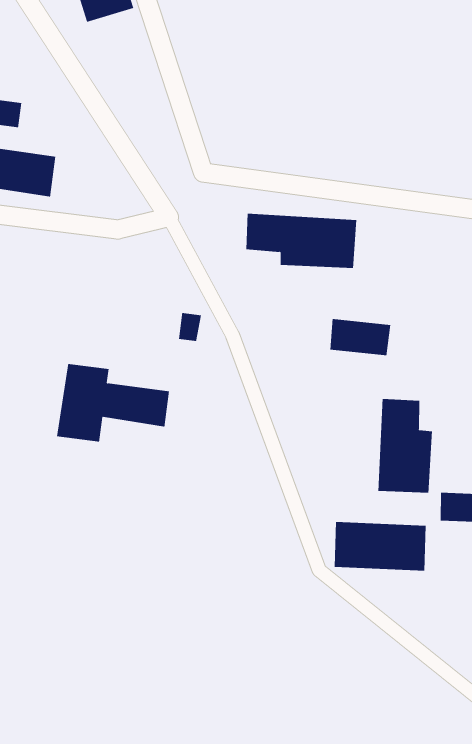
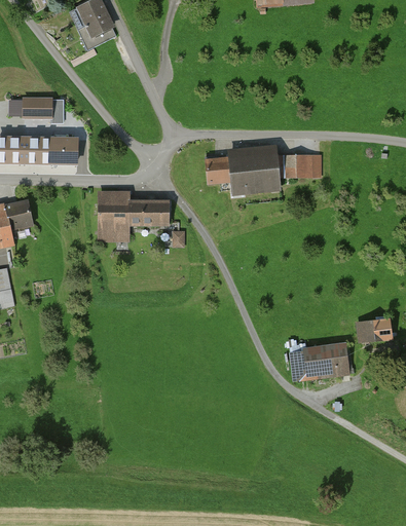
building: [329,318,391,356] -> [282,154,321,176]
building: [56,363,170,442] -> [99,190,169,238]
building: [378,398,433,493] -> none

